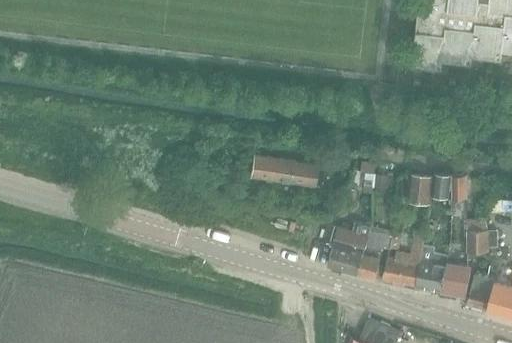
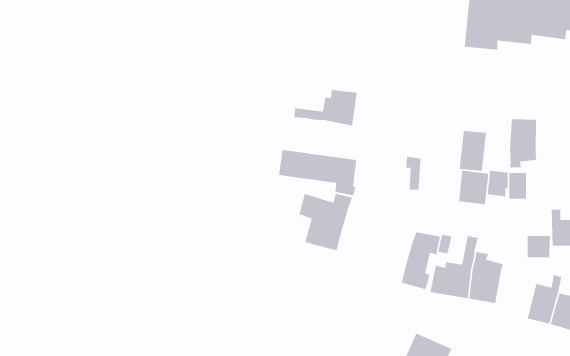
building: none -> [293,89,358,126]
building: none -> [509,119,537,168]
building: none -> [459,130,487,172]
building: [323,223,371,274] -> [298,193,353,251]
building: [440,264,470,297] -> none

